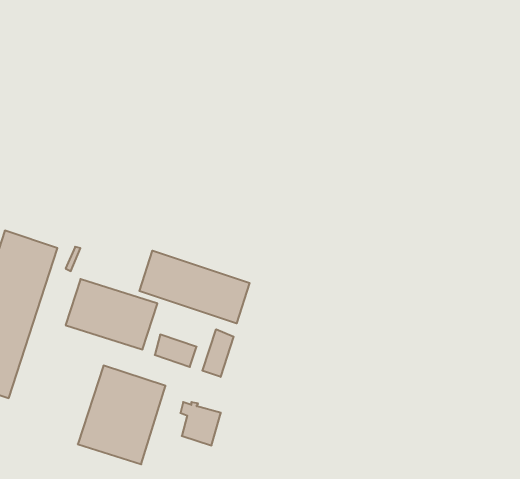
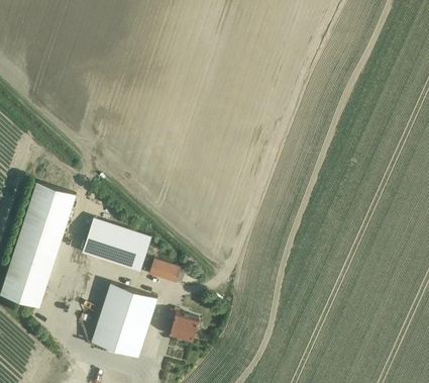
building: [139,251,250,323] -> none
building: [202,329,234,377] -> none

